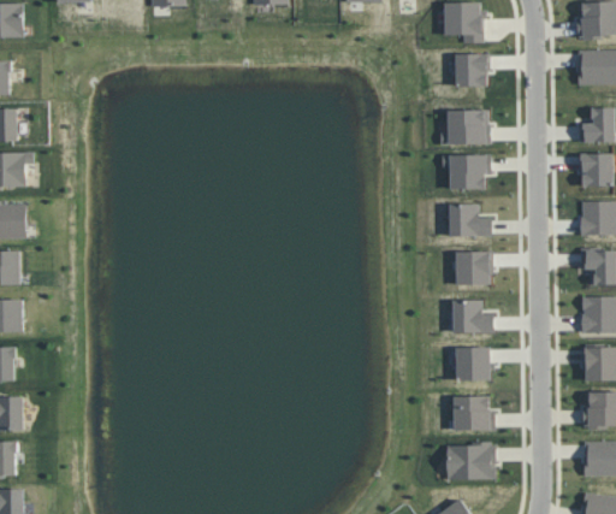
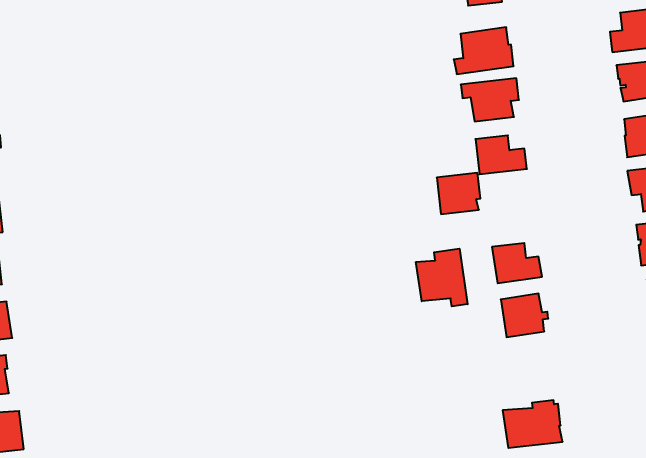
building: [456,252,492,284] -> [437,173,480,214]
building: none -> [416,249,468,306]
building: [454,396,494,430] -> none

